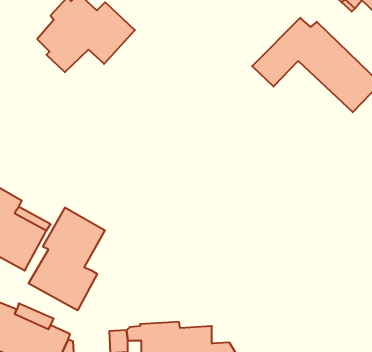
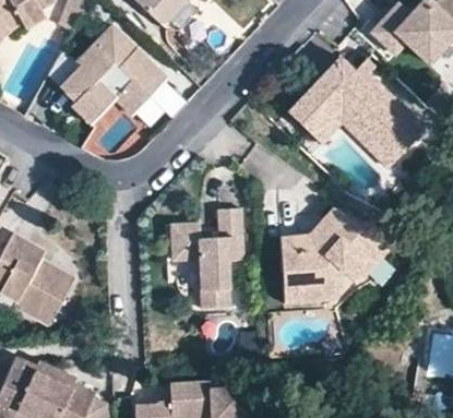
building: none -> [170,211,243,311]
building: none -> [283,211,404,307]
building: [29,207,105,310] -> none

